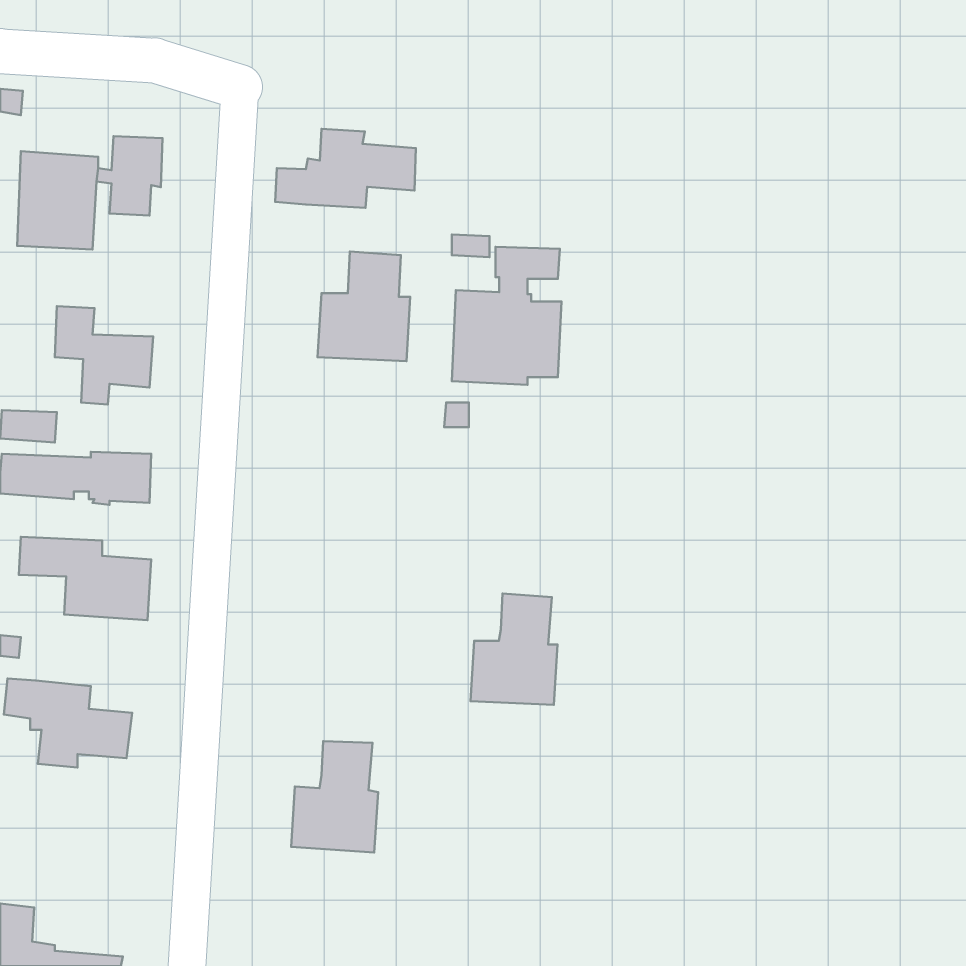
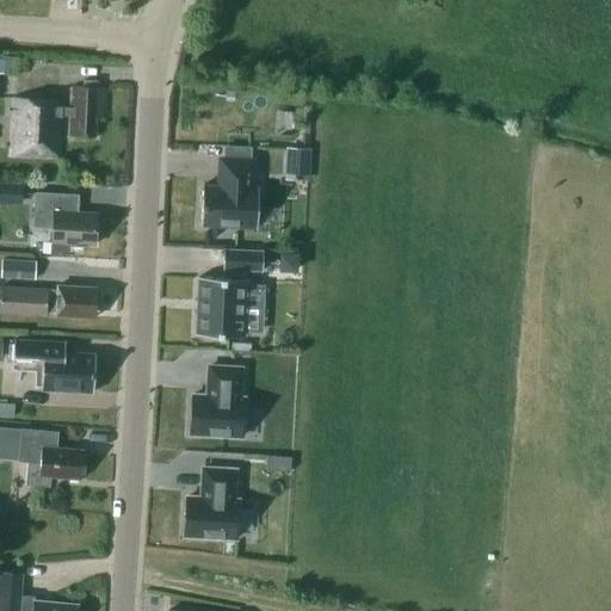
building: [275,129,416,208] -> none
building: [452,247,562,385] -> [196,249,265,337]
building: [471,593,557,705] -> [190,365,245,436]

